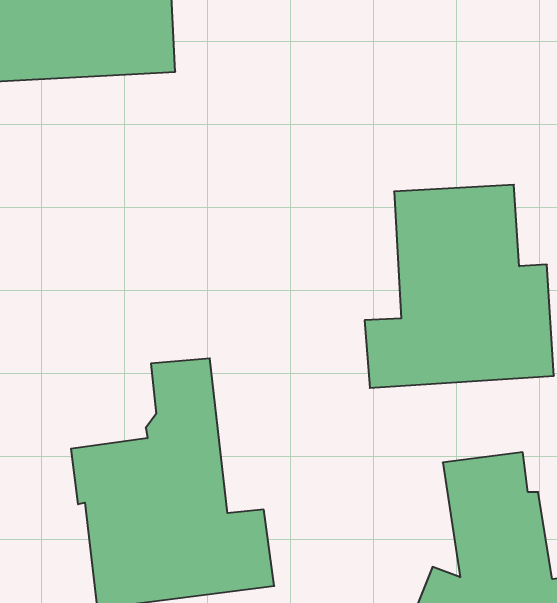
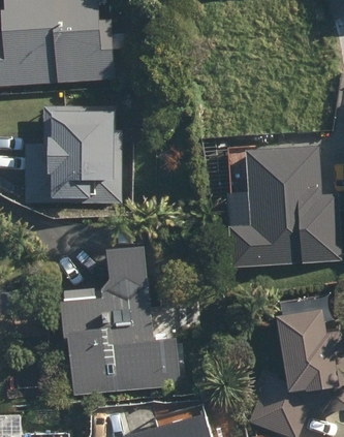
building: none -> [25,104,123,204]

